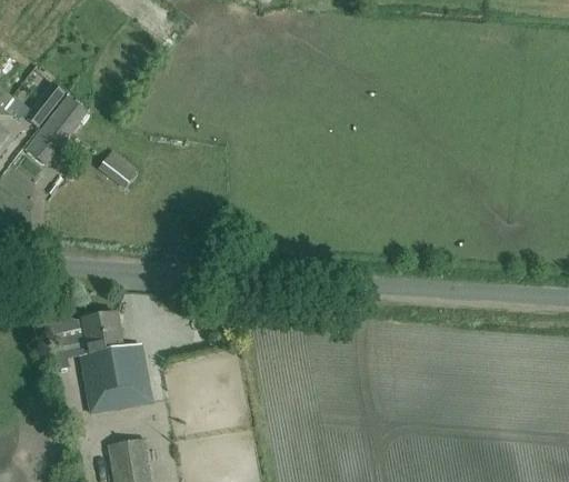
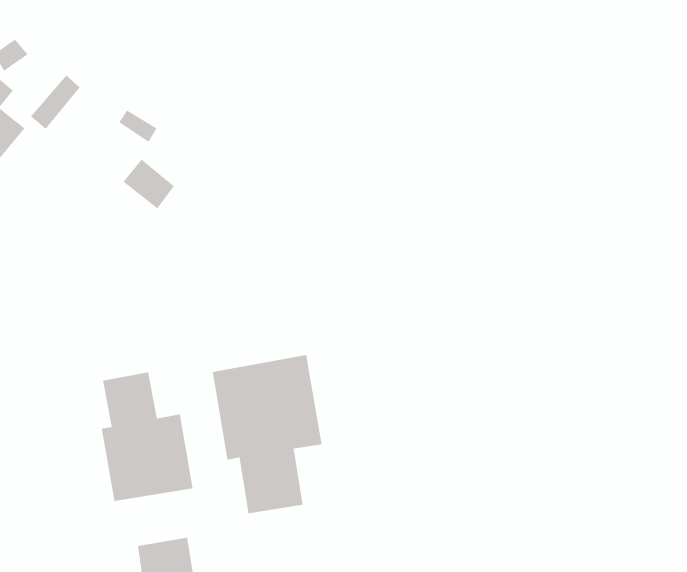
building: [24,96,87,162] -> none
building: none -> [212,354,323,514]

